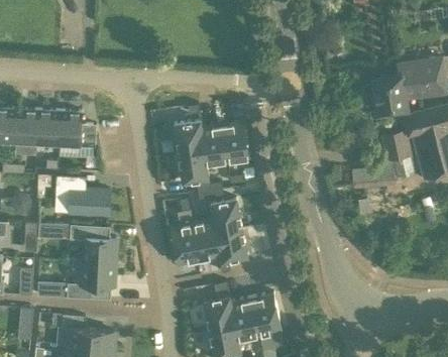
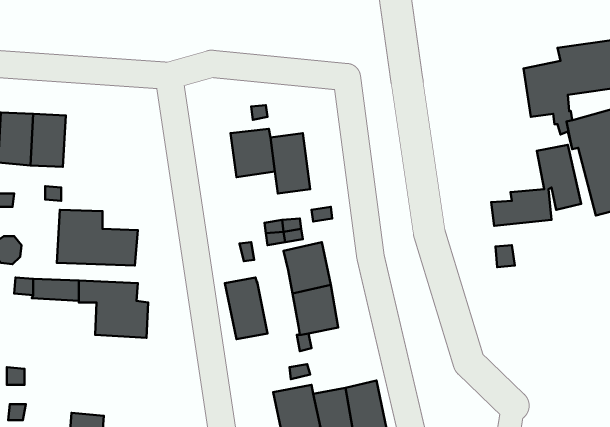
building: [59,111,96,147] -> none
building: [223,120,249,161] -> none
building: [178,149,208,183] -> none
building: [191,217,220,260] -> none
building: [37,261,116,300] -> none

